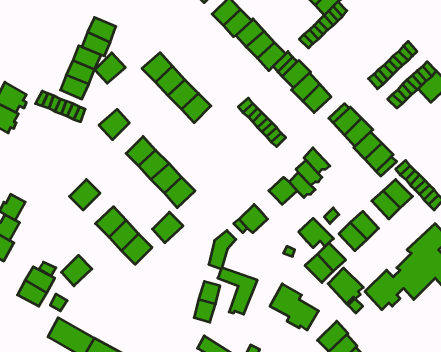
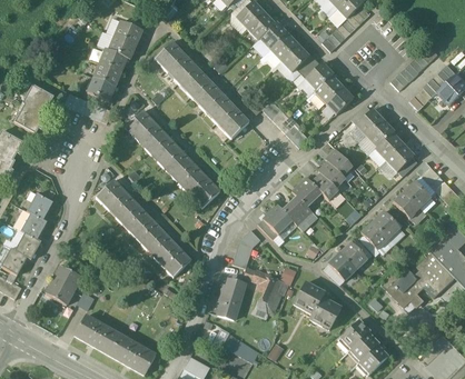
building: [95,53,125,83] -> [155,41,185,71]
building: none -> [218,108,248,138]
building: none -> [138,124,168,154]
building: [152,212,183,243] -> [160,247,190,277]
building: [299,218,334,248] -> [283,197,317,226]
building: [61,255,92,286] -> [109,193,139,223]
building: [328,268,363,304] -> none

